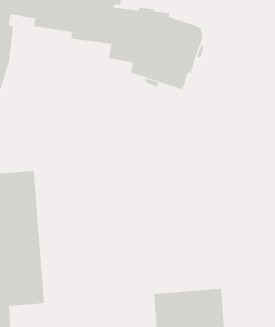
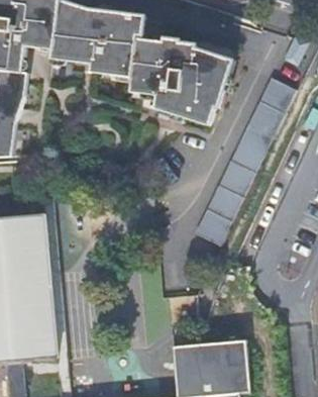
building: none -> [193,79,295,247]

